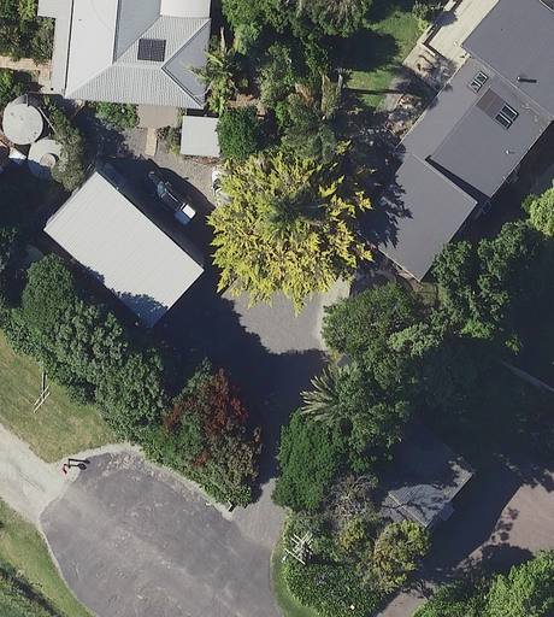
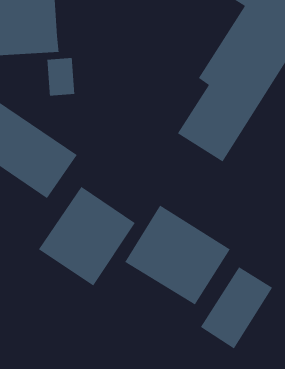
building: none -> [38,186,136,286]
building: none -> [124,205,231,306]

